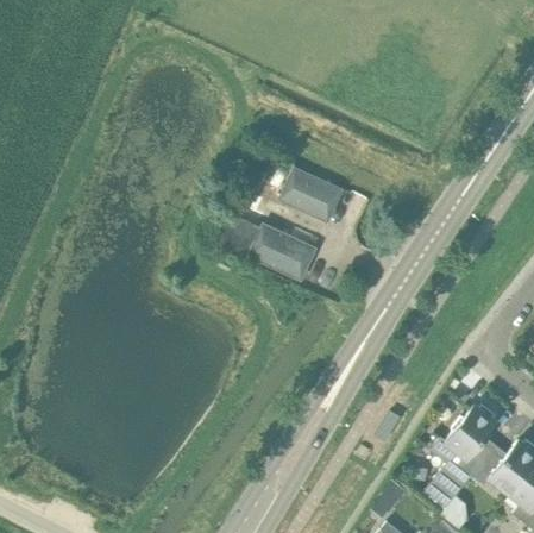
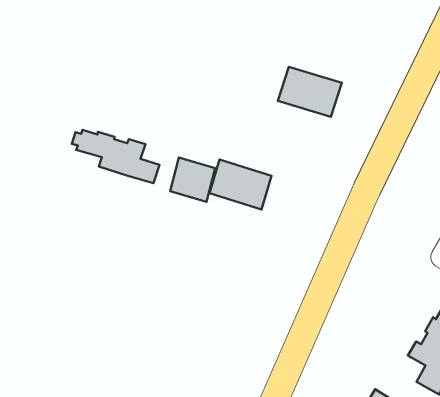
building: [276,164,345,222] -> [278,67,342,117]
building: none -> [72,130,160,183]

